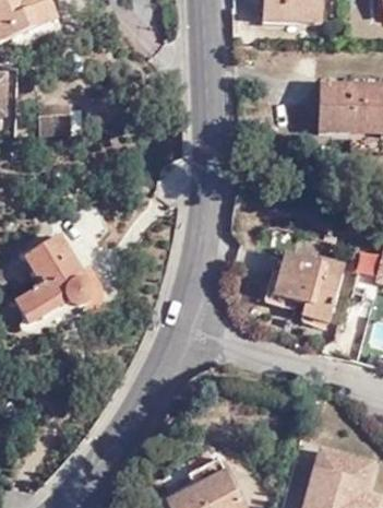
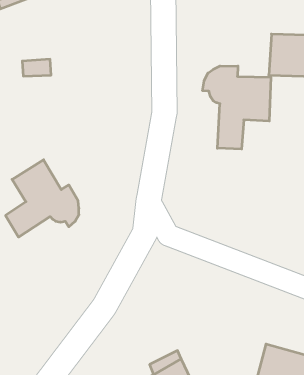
building: none -> [203,66,271,149]
building: [279,251,347,314] -> none

